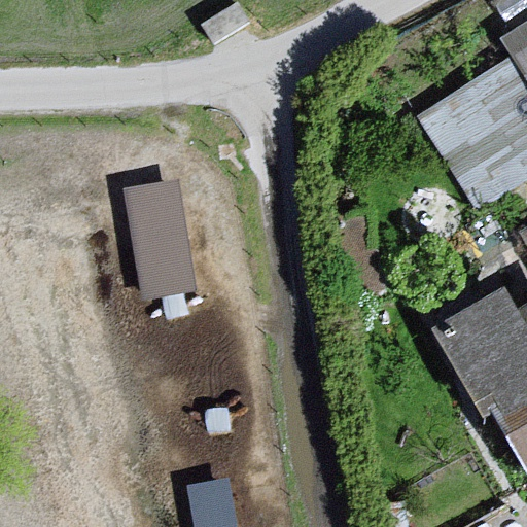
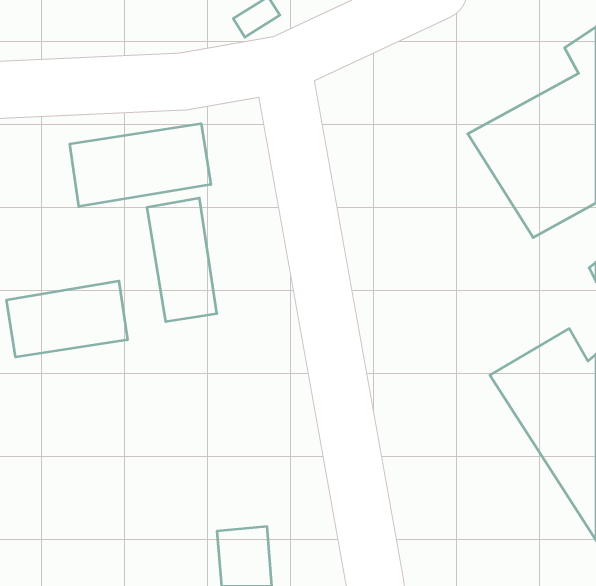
building: none -> [70,124,211,207]
building: none -> [7,281,127,357]

